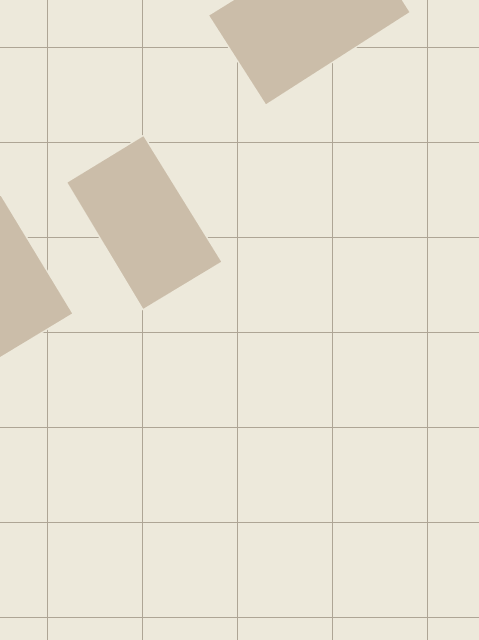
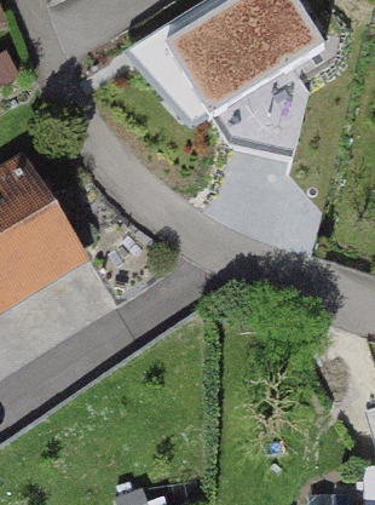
building: [66,135,222,310] -> none

